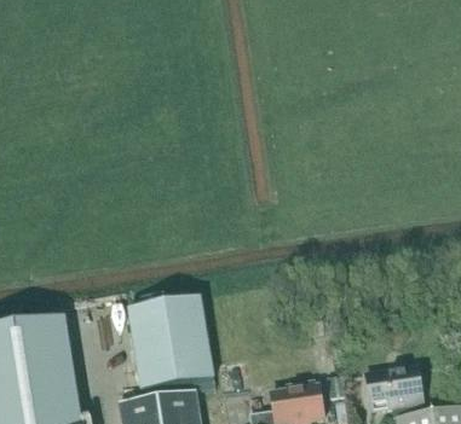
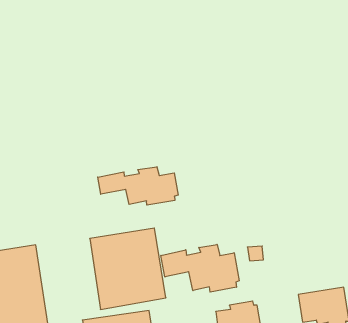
building: none -> [98,167,178,205]
building: none -> [161,244,239,292]

